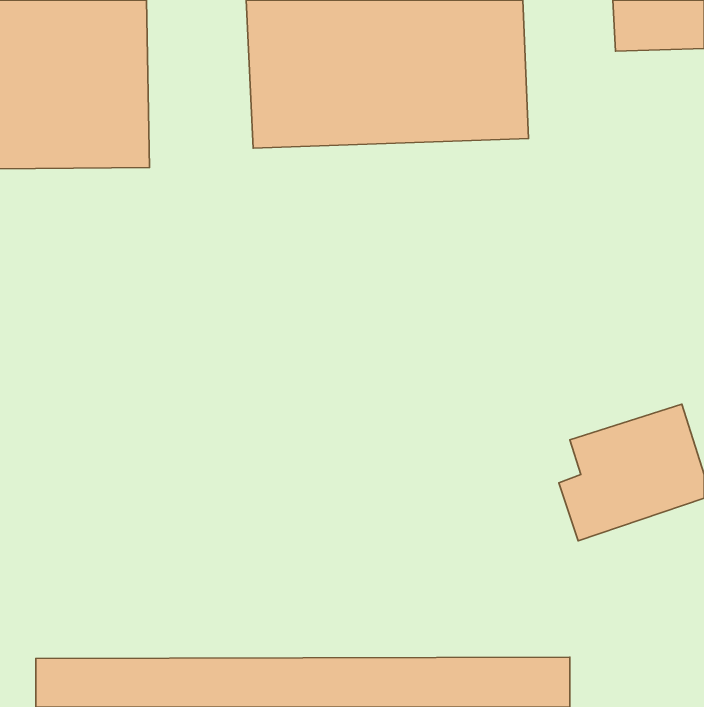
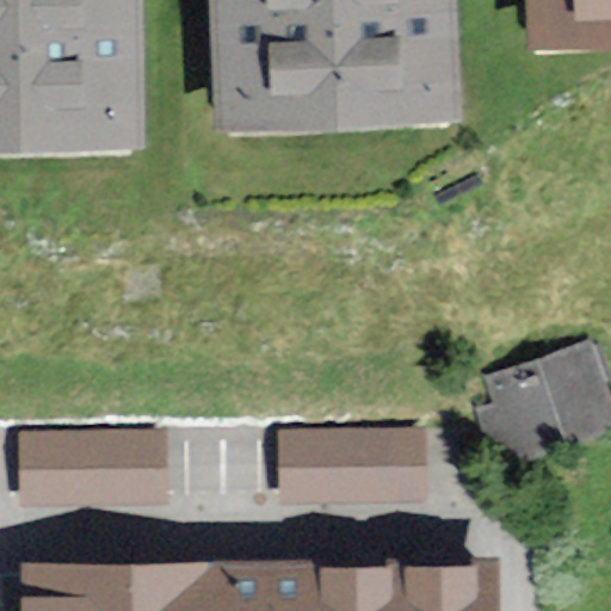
building: none -> [282,432,418,496]
building: none -> [23,434,158,499]

